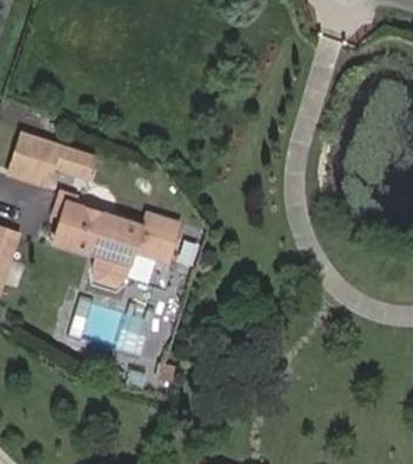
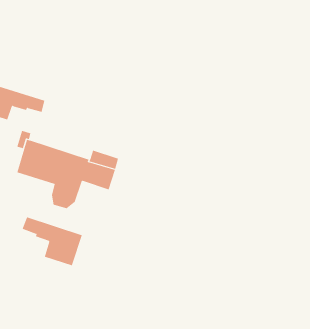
building: none -> [22,217,82,266]

